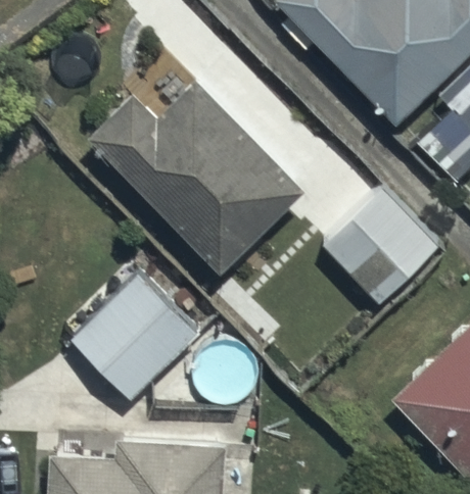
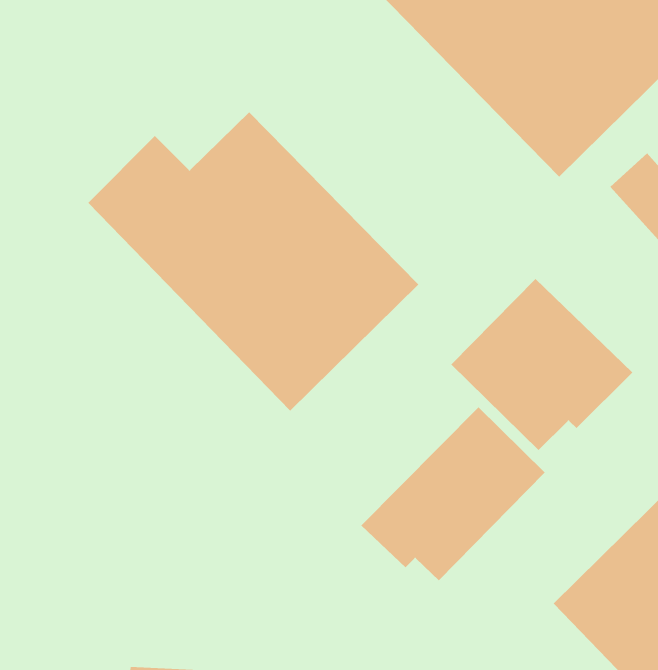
building: none -> [361,407,546,581]
building: [74,276,194,396] -> none

